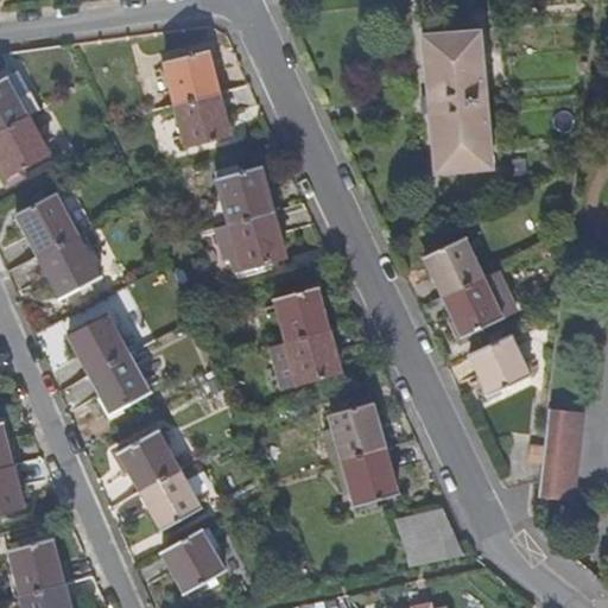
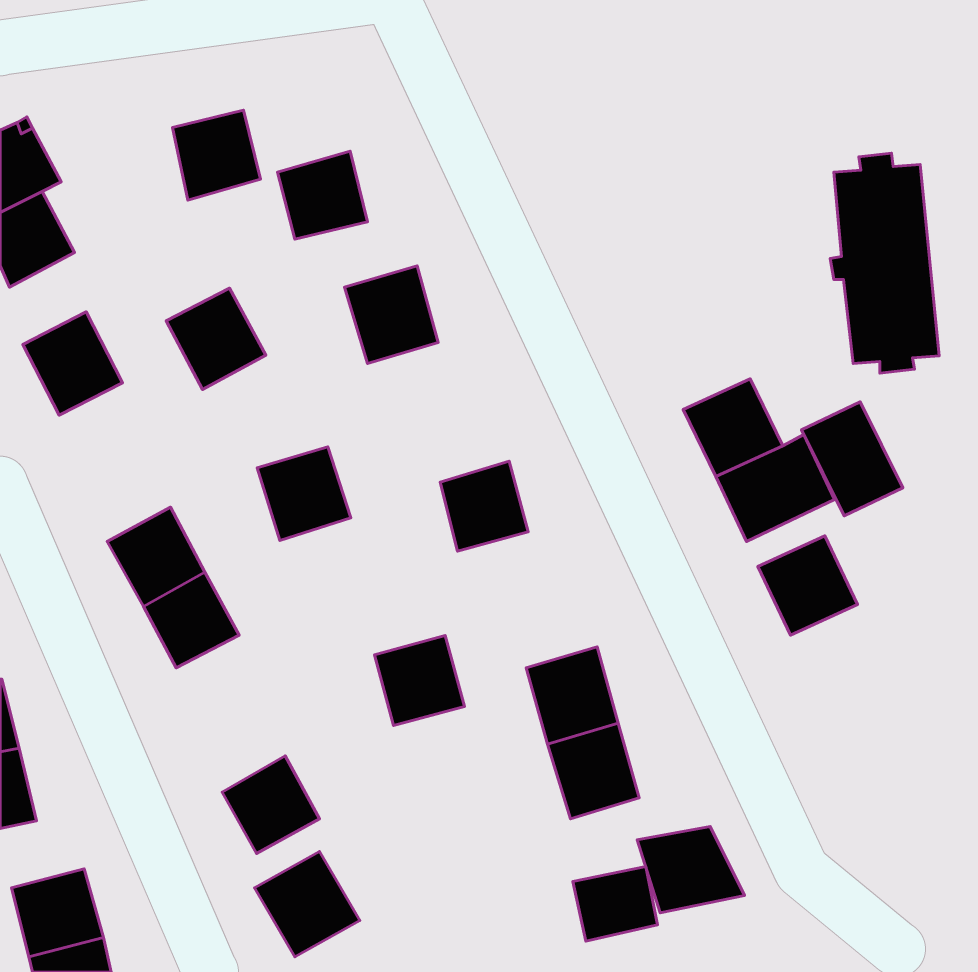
building: [424,32,492,169] -> [830,153,939,373]
building: [163,51,217,107] -> [173,110,261,200]
building: [228,213,286,271] -> [257,447,351,541]
building: [37,238,99,300] -> [166,288,266,390]
building: none -> [802,402,903,516]
building: [284,330,340,386] -> [374,636,464,726]
building: [537,406,584,499] -> none
building: [115,429,177,492] -> none
building: none -> [573,867,657,941]

